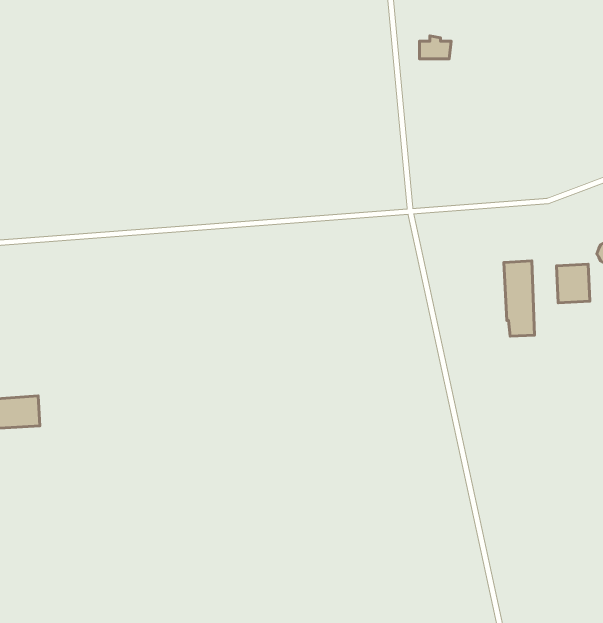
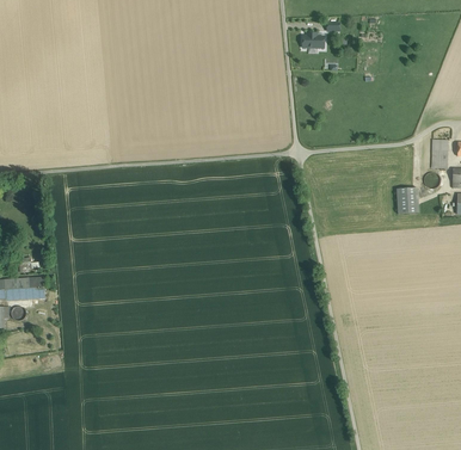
building: [504,261,535,336] -> none

